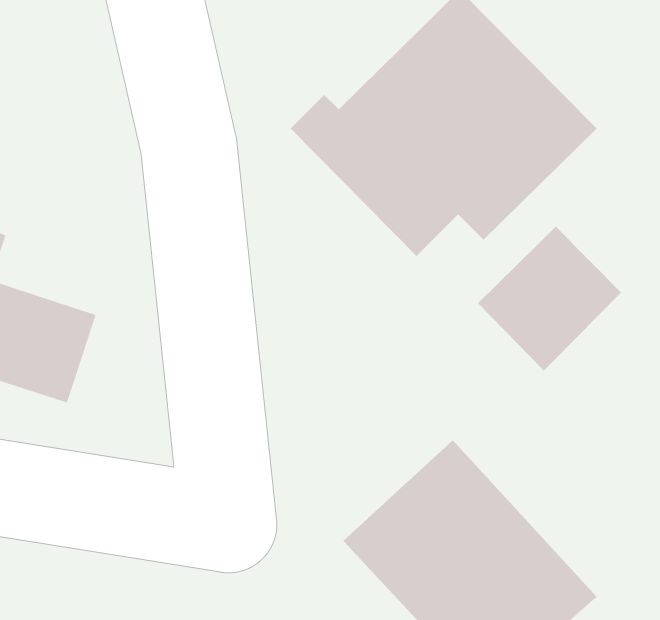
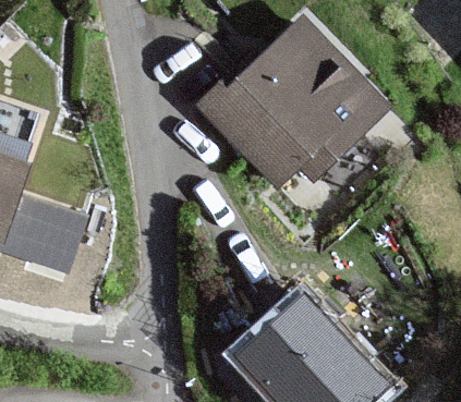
building: [477,226,622,371] -> none

